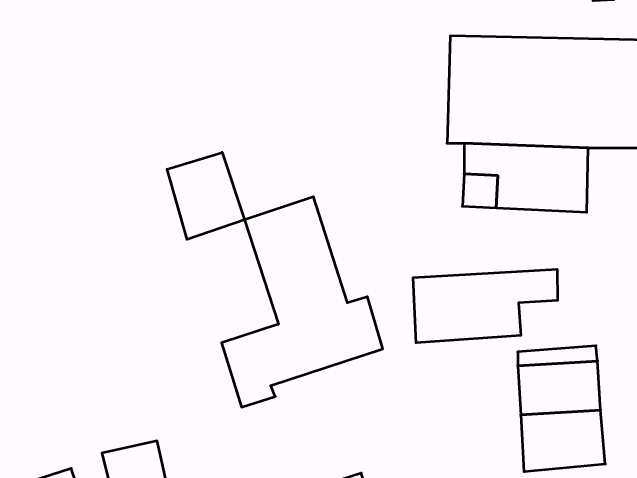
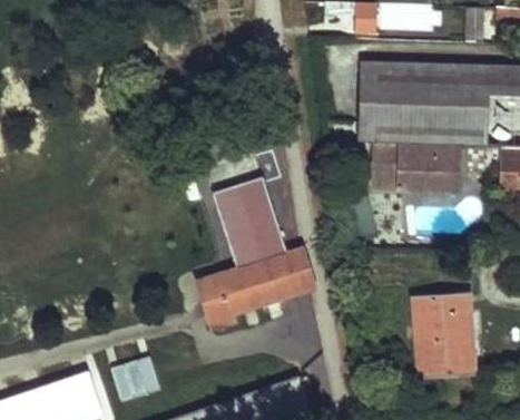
building: [167,152,245,239] -> none
building: [413,269,558,343] -> none

